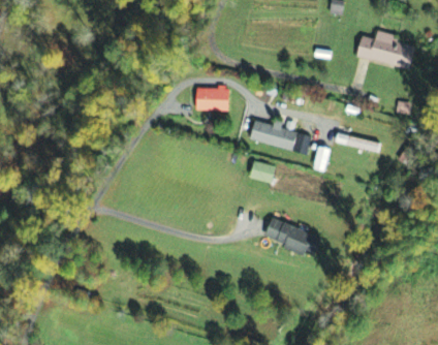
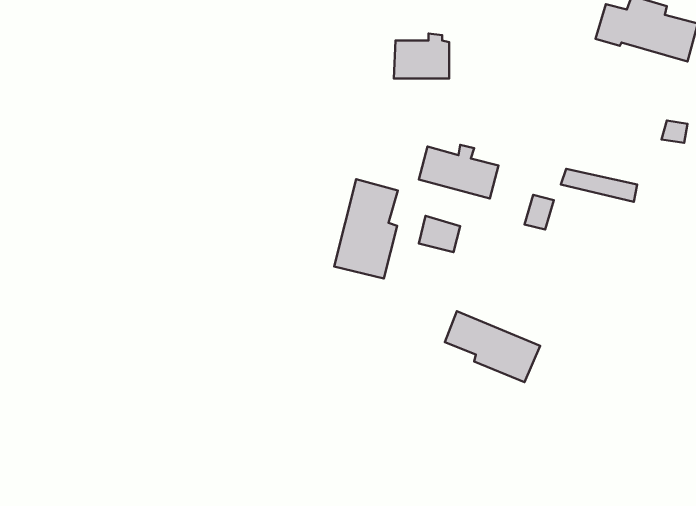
building: [195,84,228,111] -> [394,33,449,79]
building: none -> [334,179,398,279]

